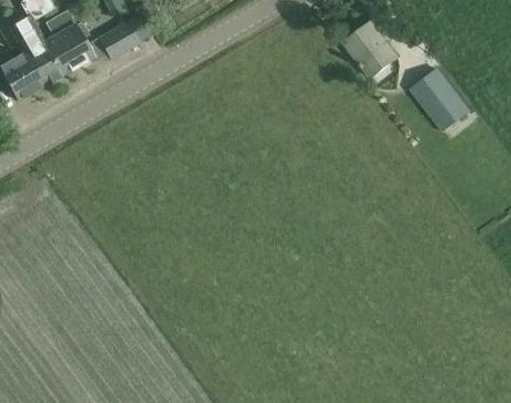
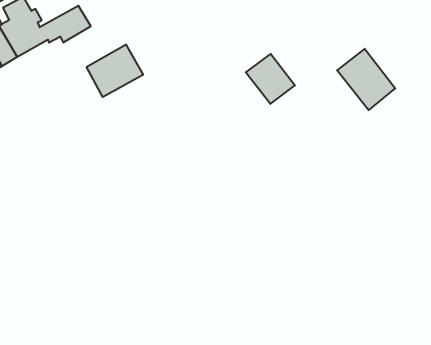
building: [344,21,397,75] -> [246,54,295,104]
building: none -> [87,44,143,97]

